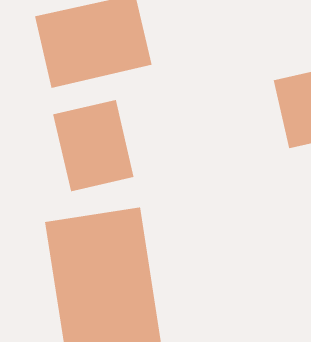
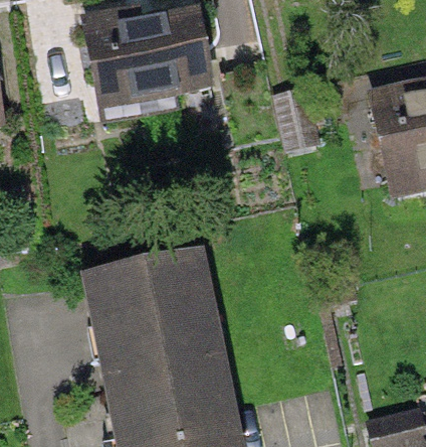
building: [53,99,134,192] -> none

